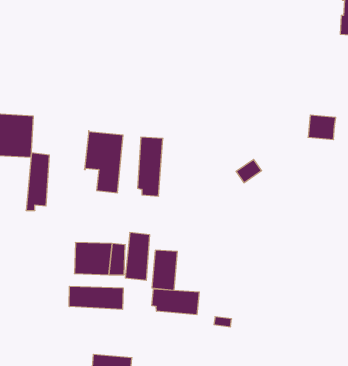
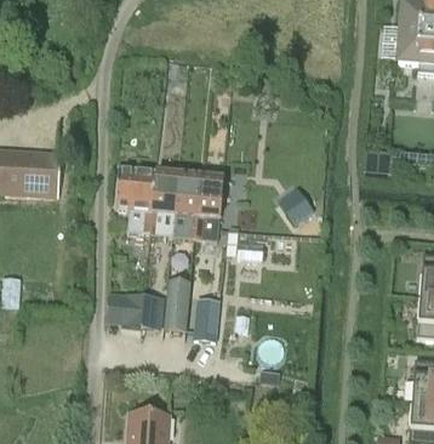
building: none -> [200,175,228,240]
building: [26,153,49,210] -> [155,171,181,234]
building: [69,286,123,309] -> none
building: [152,289,199,315] -> none

